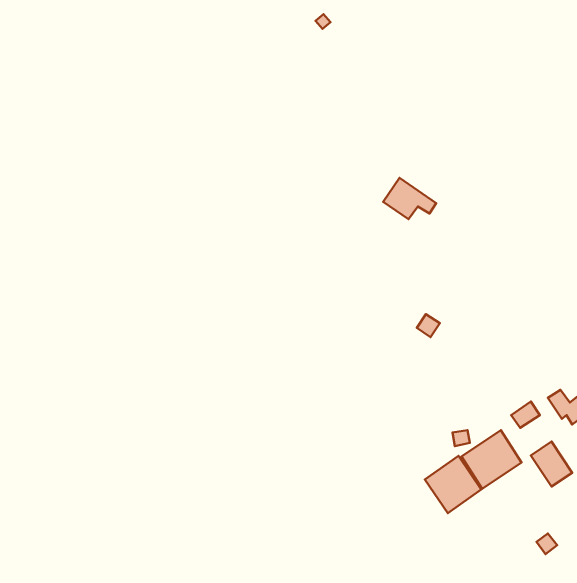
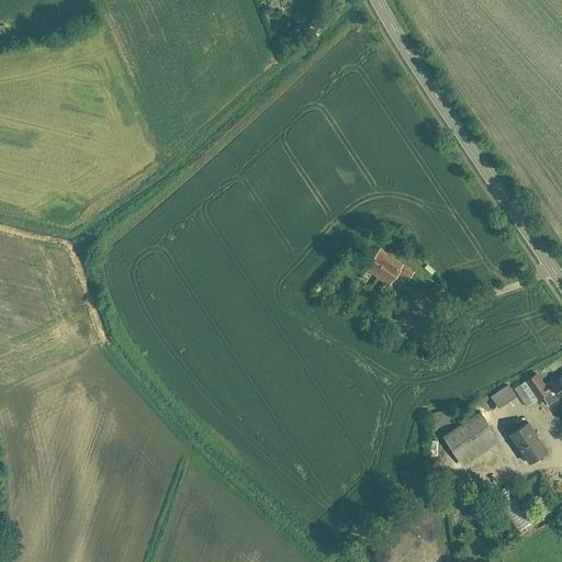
building: [383,178,436,219] -> [364,247,415,286]
building: [425,456,481,513] -> none

